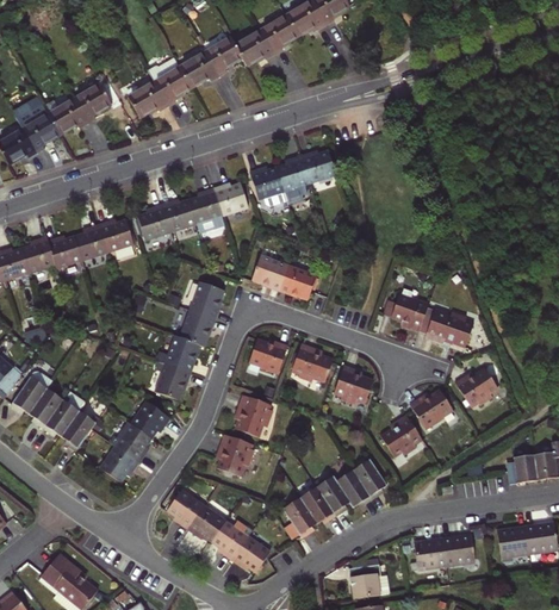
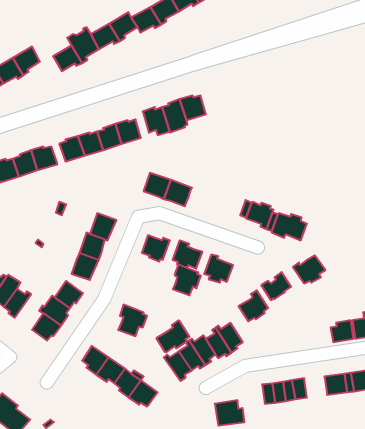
building: [188,281,223,319] -> none
building: [235,394,273,436] -> [173,265,201,295]
building: none -> [157,320,189,352]

